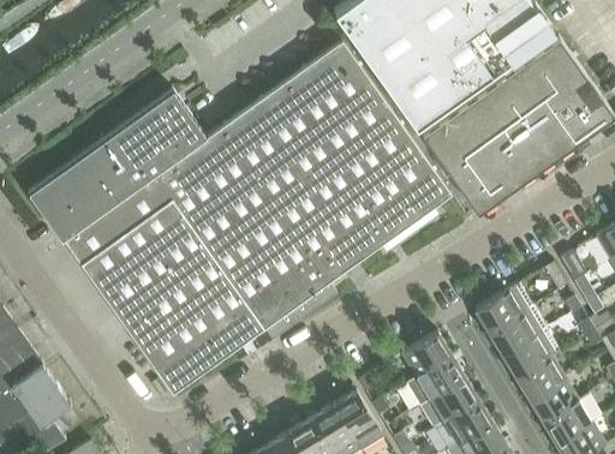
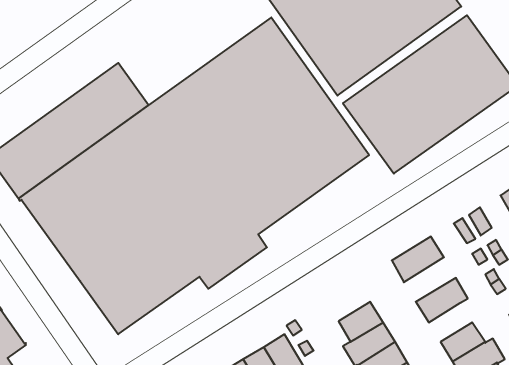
building: [488,306,545,356] -> none
building: [401,333,450,377] -> none
building: [515,357,563,400] -> none

